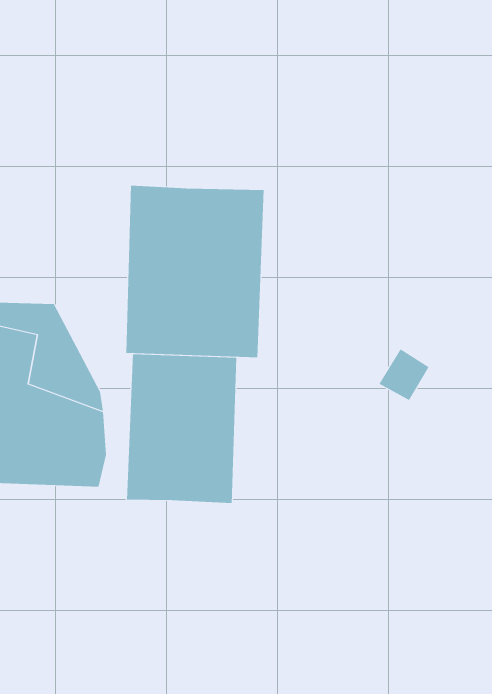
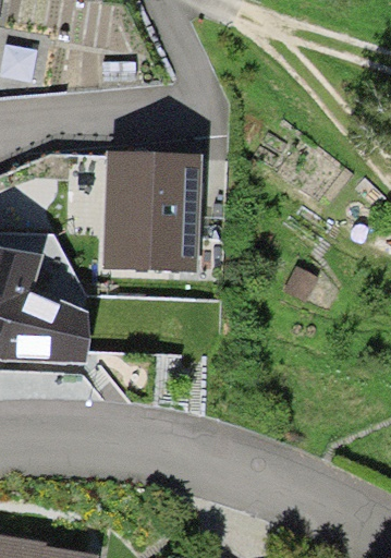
building: [127,353,237,504] -> none

